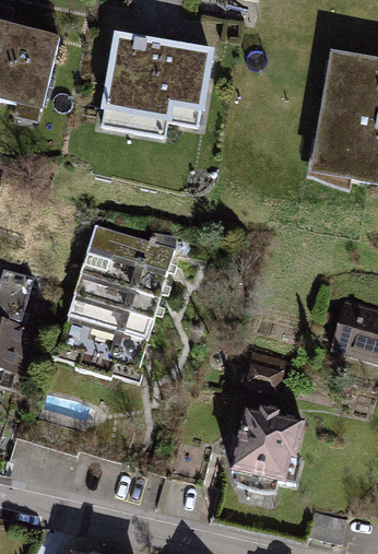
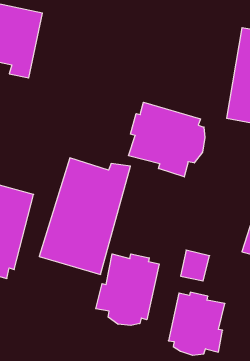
building: [99,32,216,138] -> none
building: none -> [129,102,205,177]
building: none -> [96,254,159,325]

